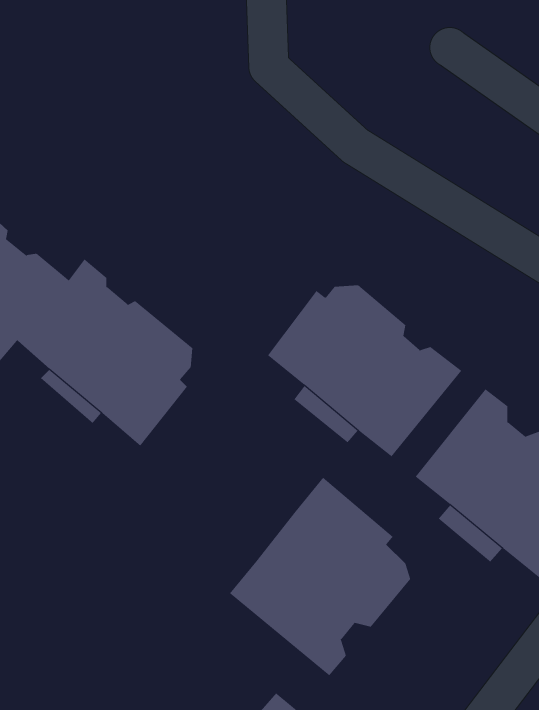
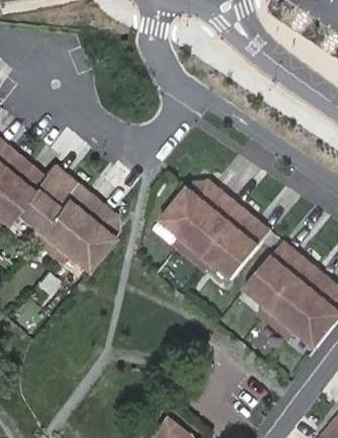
building: [229,477,411,676] -> none

